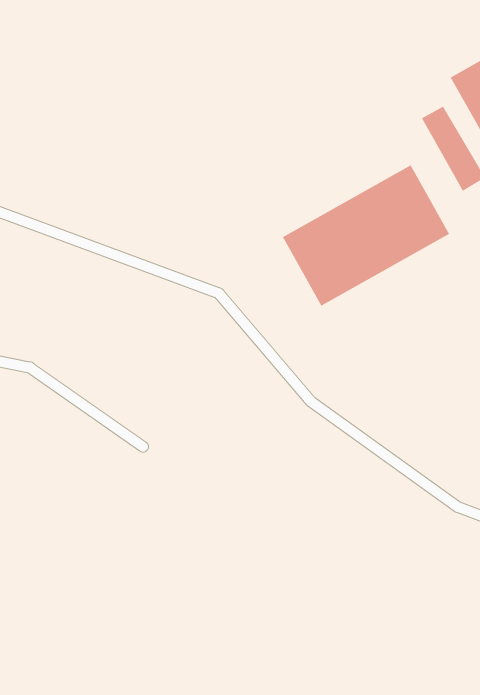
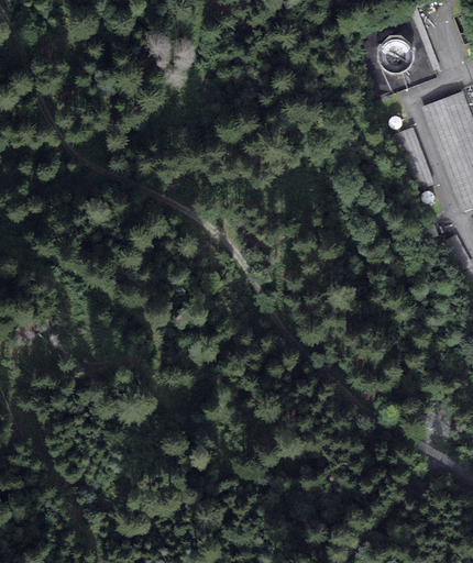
building: [282,165,450,307] -> none

